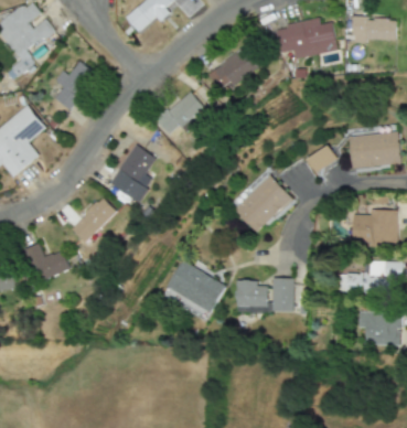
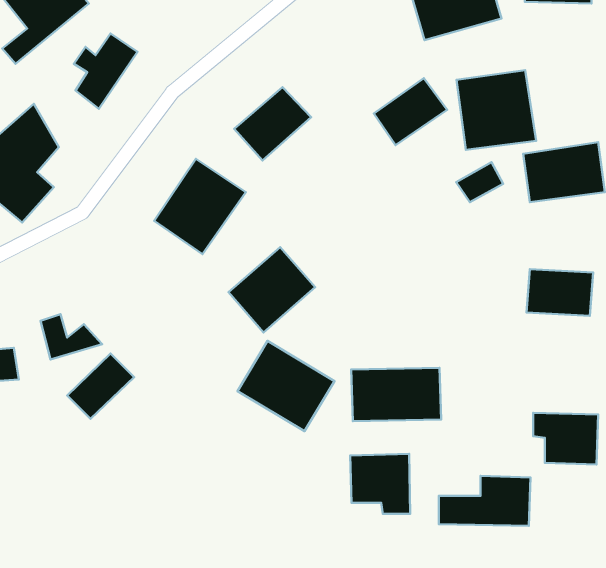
building: [211,50,259,94] -> [374,78,447,145]
building: none -> [456,70,536,150]
building: [234,175,291,232] -> [228,247,315,332]
building: [72,200,116,243] -> [67,354,134,419]
building: [338,258,398,291] -> [439,476,531,526]
building: none -> [350,454,410,514]

